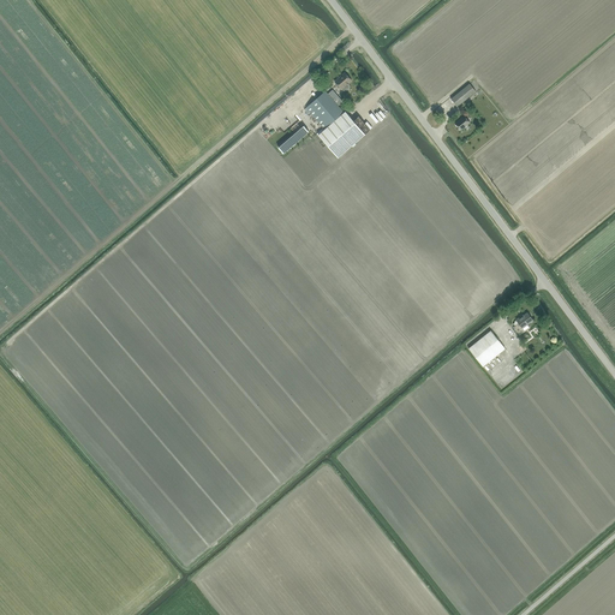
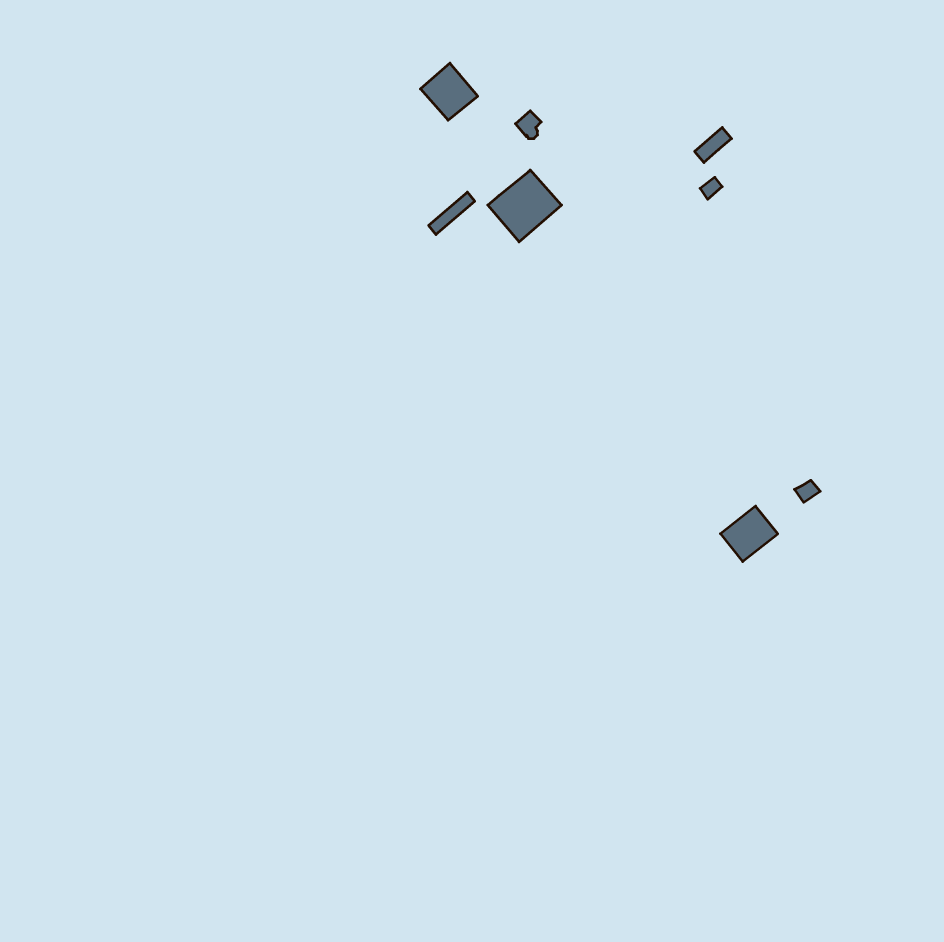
building: [306,90,344,127] -> [420,63,478,120]

